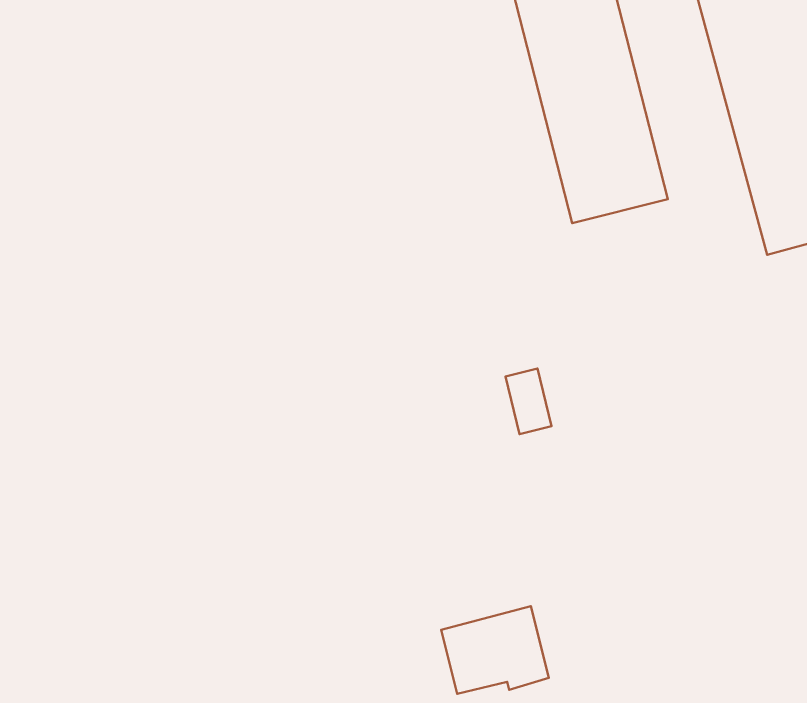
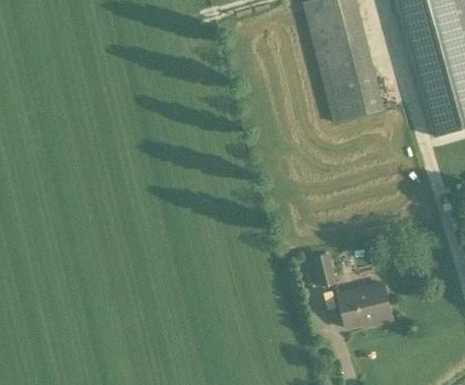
building: [506,368,551,434] -> [313,253,337,286]
building: [441,606,549,694] -> [337,281,392,326]

